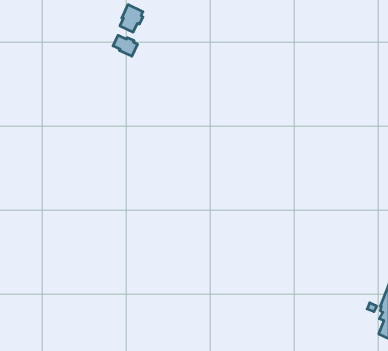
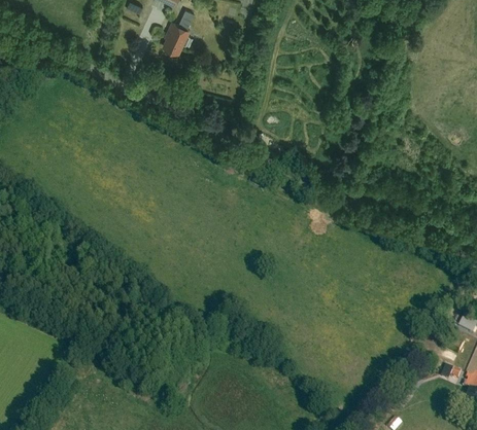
building: [113,35,137,56] -> none

